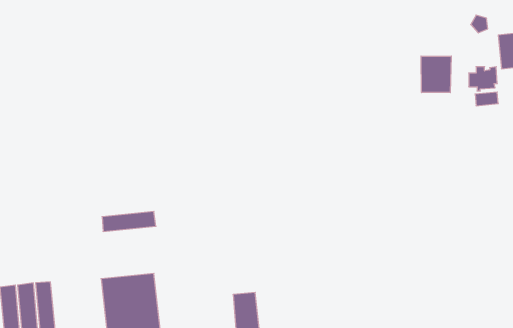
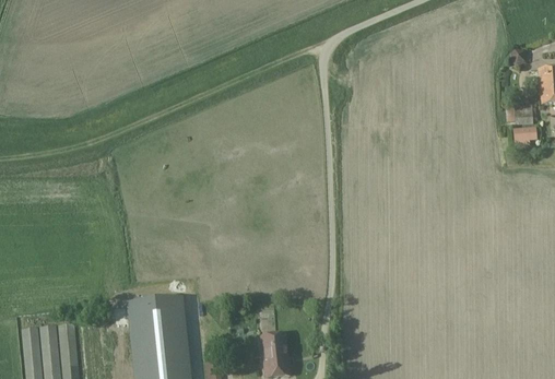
building: [421,56,451,93] -> none
building: [102,211,156,231] -> [126,299,181,320]

